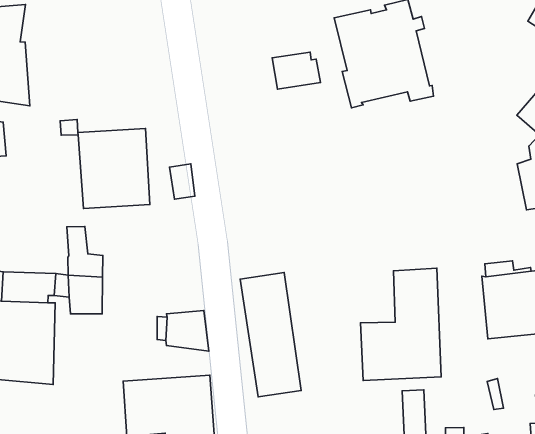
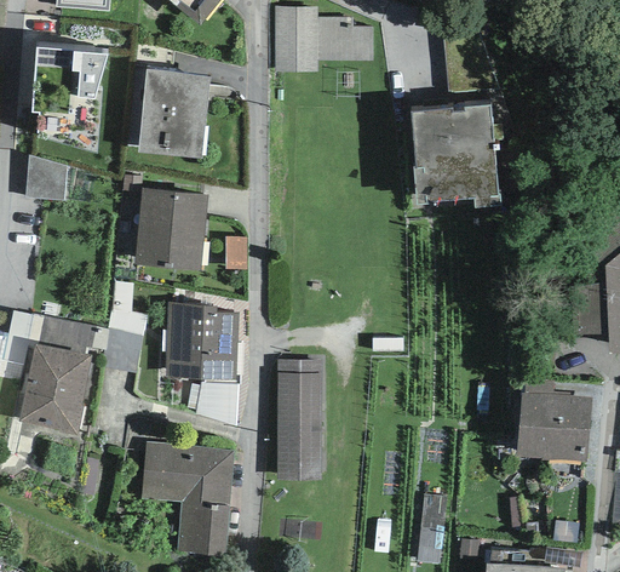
building: none -> [138,68,209,158]
building: [272,52,320,89] -> none
building: none -> [165,302,237,381]
building: [360,268,441,380] -> none

